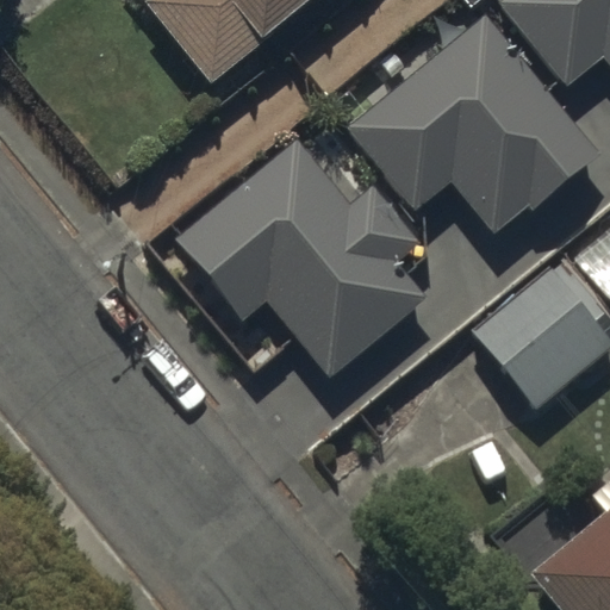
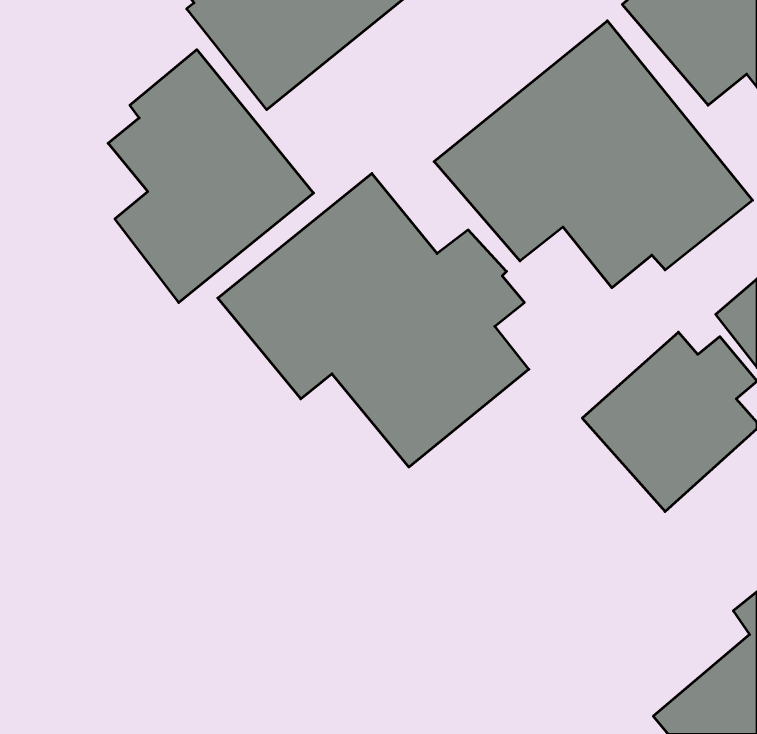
building: none -> [108,50,314,303]

